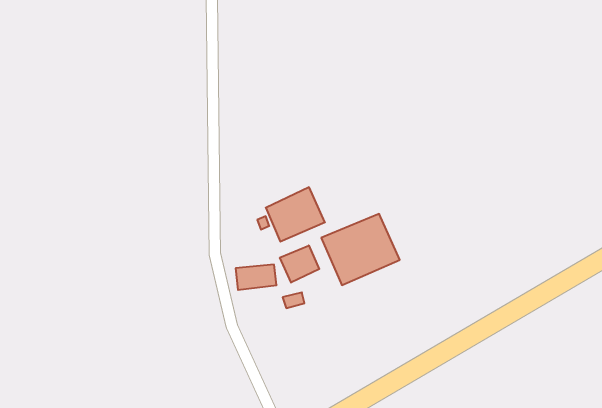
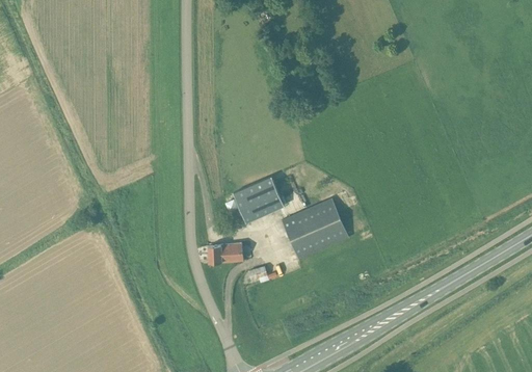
building: [280,245,319,283] -> none

